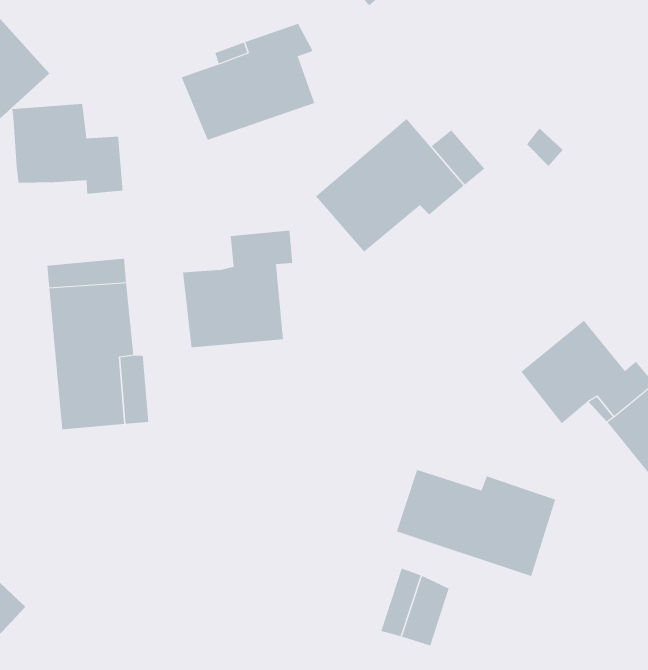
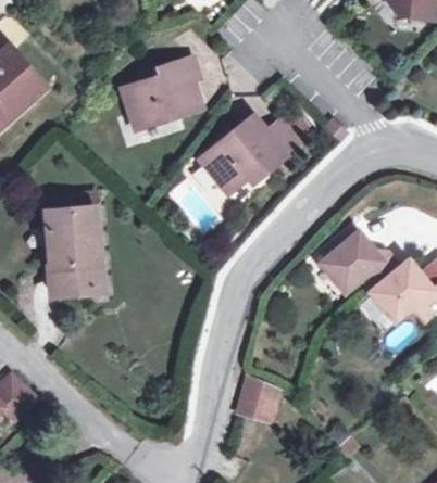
building: [12,103,123,194] -> none
building: [183,230,293,348] -> none
building: [396,469,556,577] -> none

